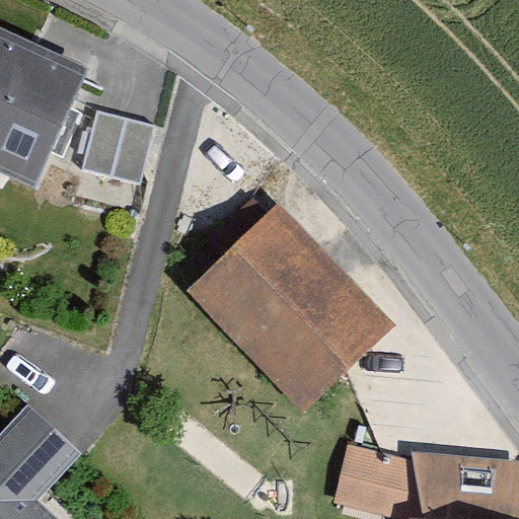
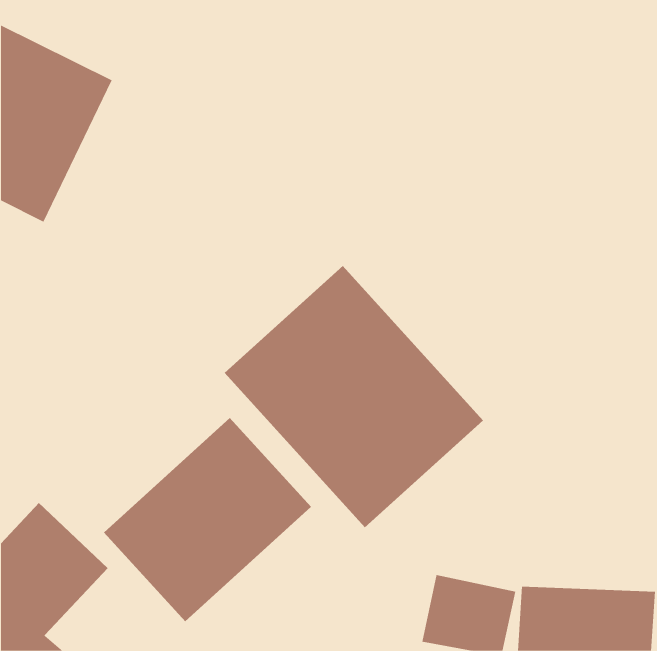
building: [85,117,158,188] -> none
building: none -> [103,417,312,622]

